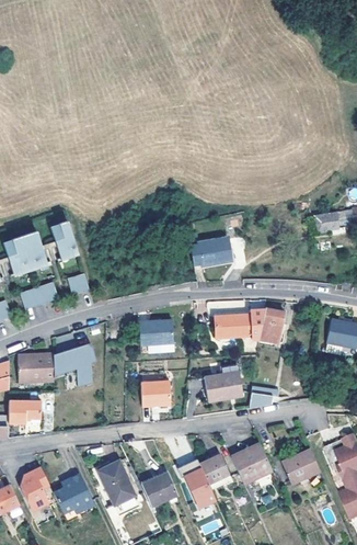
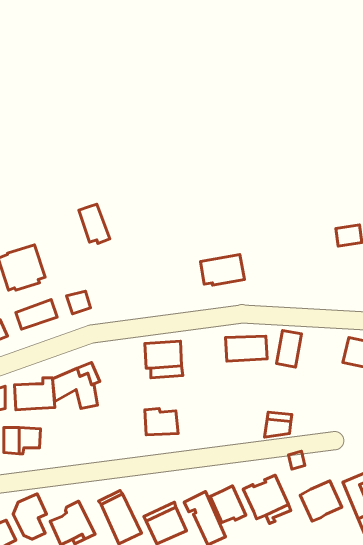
building: [50,220,79,257] -> [79,204,110,243]
building: [201,371,242,402] -> none

